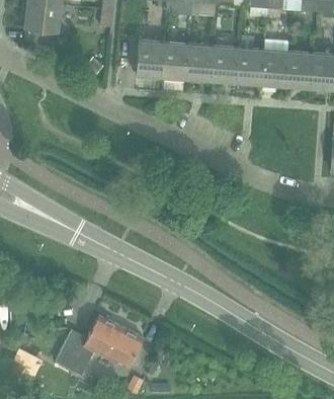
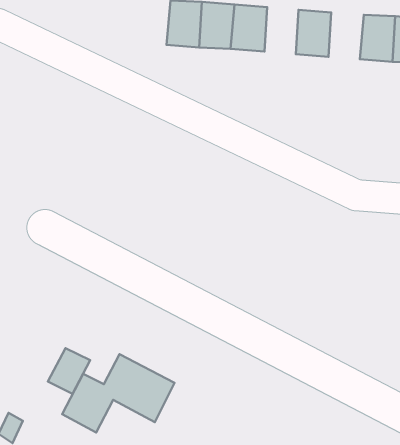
building: [212,45,238,81] -> none
building: [261,49,288,85] -> none
building: none -> [48,348,90,394]

